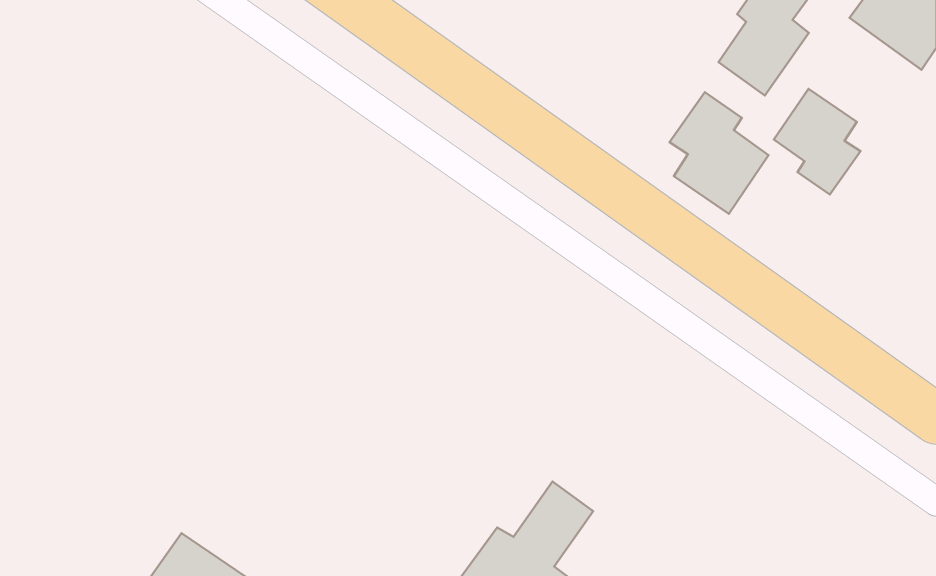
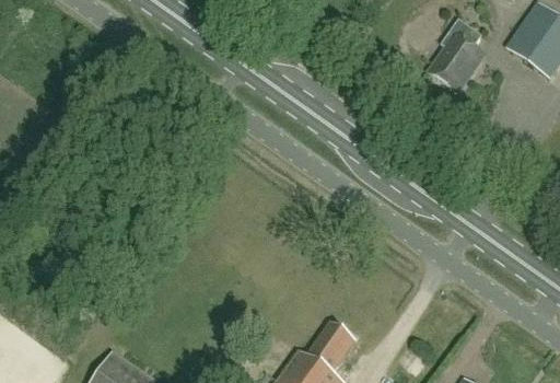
building: [774,89,860,194] -> none
building: [669,92,769,214] -> none

